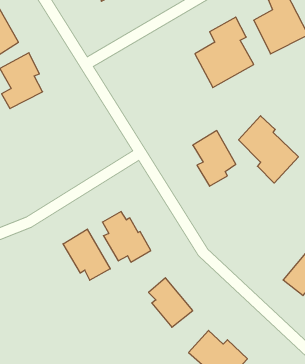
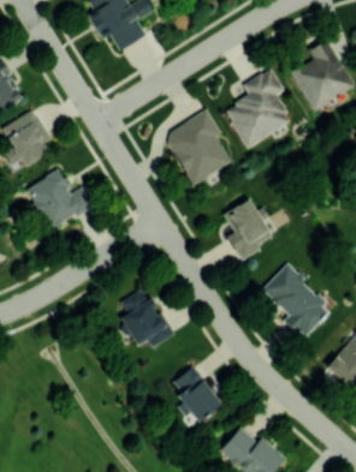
building: none -> [164,110,235,185]
building: none -> [23,169,94,233]
building: [239,116,298,183] -> [262,263,331,340]
building: [63,229,110,280] -> none

